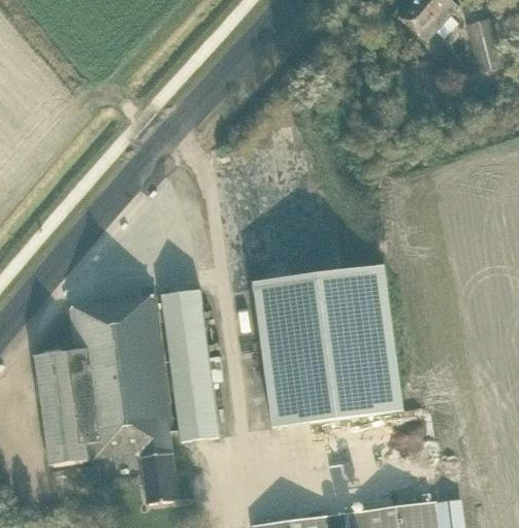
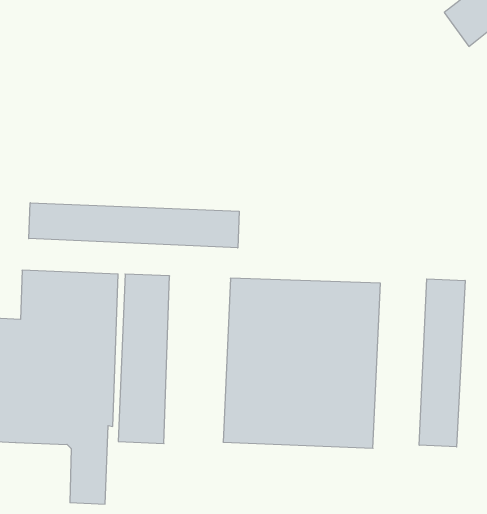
building: none -> [29,203,239,248]
building: none -> [419,279,465,447]

